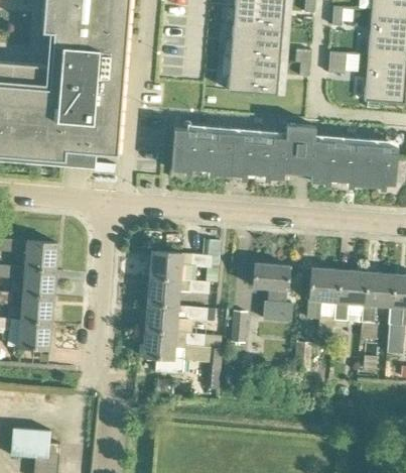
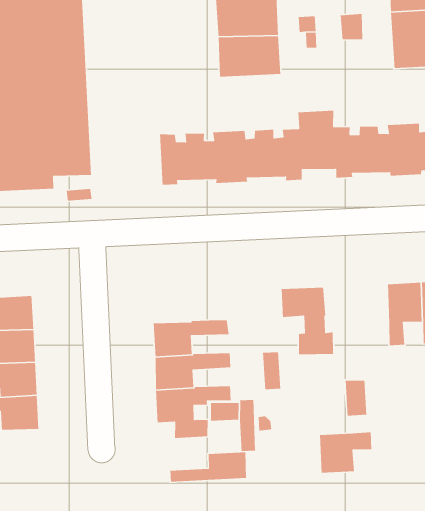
building: [149,240,221,279] -> none
building: [306,267,339,318] -> none
building: none -> [319,432,372,474]
building: none -> [170,452,247,483]

